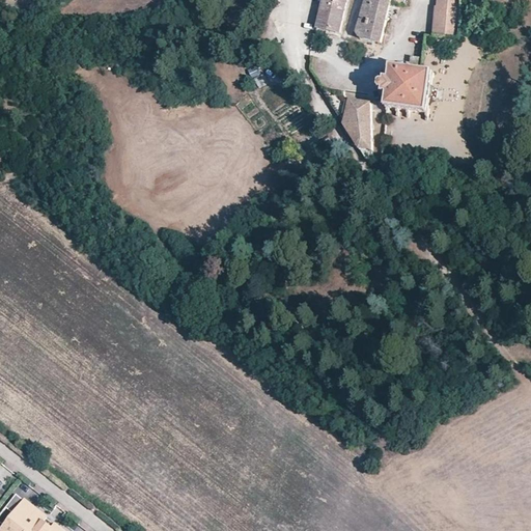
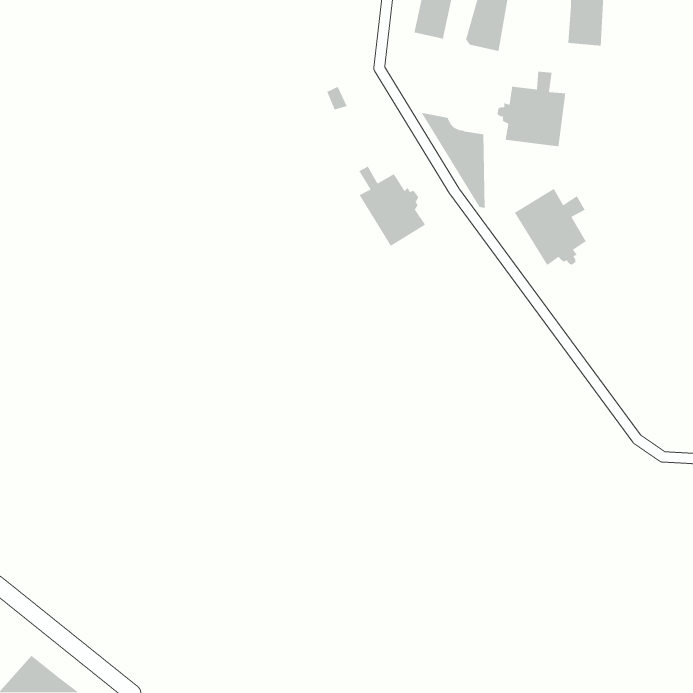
building: none -> [358,165,425,247]
building: none -> [514,188,587,266]

